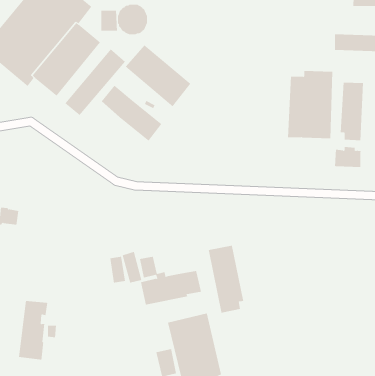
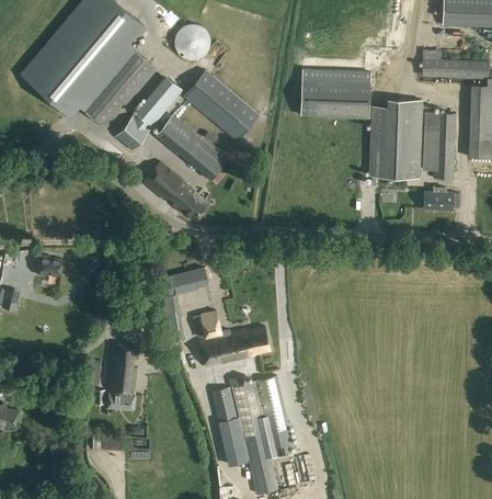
building: [101,10,118,31] -> none
building: none -> [301,70,371,118]
building: none -> [145,163,210,222]
building: none -> [164,268,207,294]
building: [208,245,244,314] -> none
building: [18,300,48,360] -> [106,344,140,412]
building: none -> [211,387,237,421]

